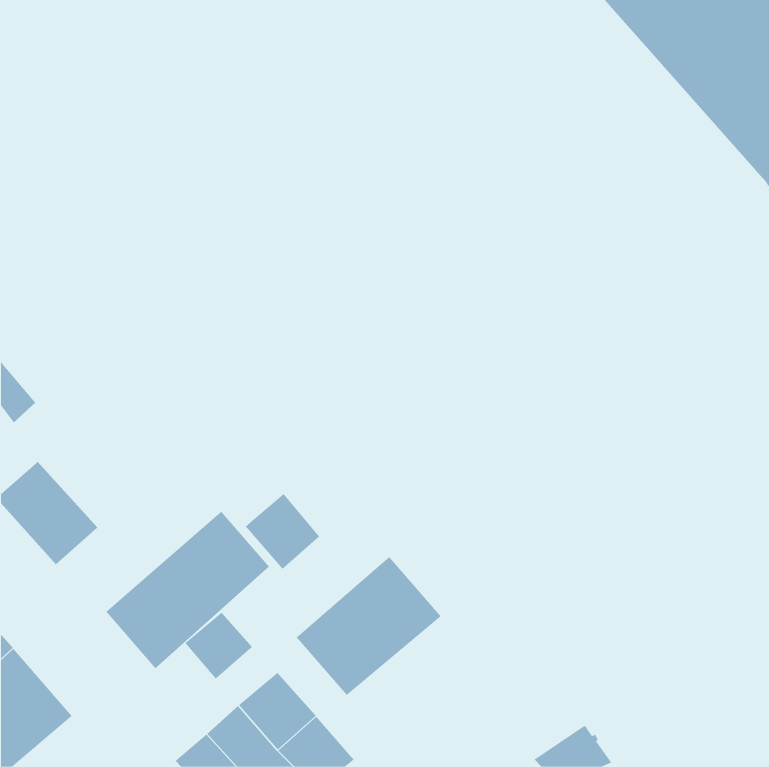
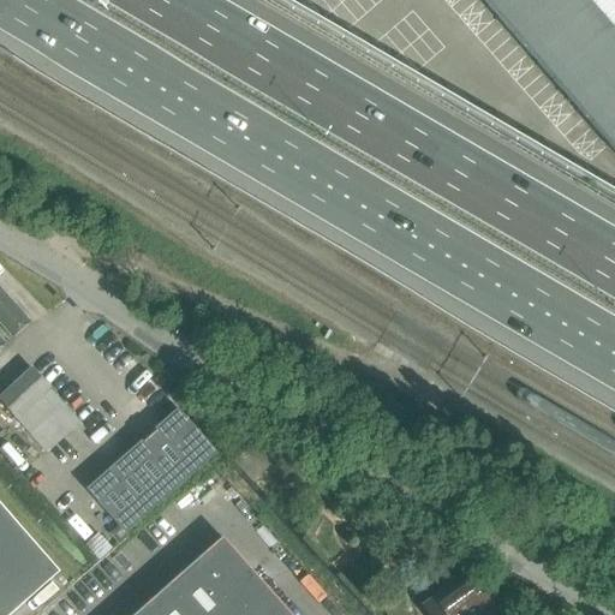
building: [245,493,320,570] -> none
building: [296,556,442,696] -> none
building: [185,612,253,680] -> none

